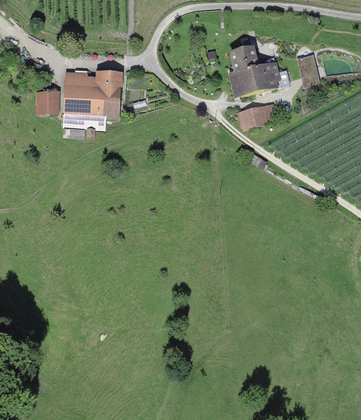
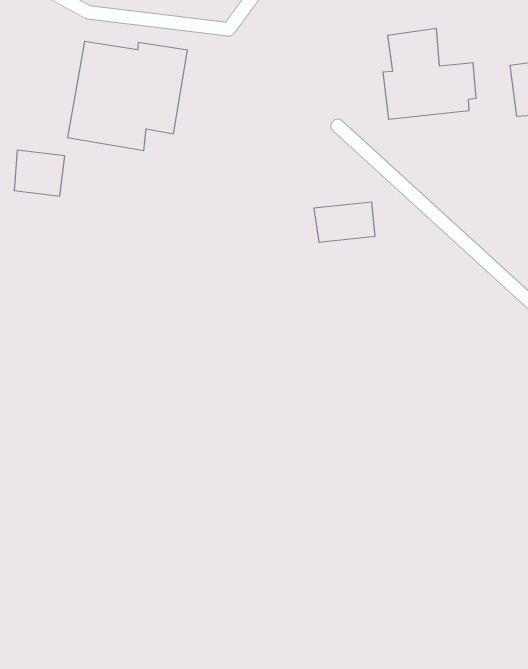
building: [35,91,61,113] -> [14,150,65,196]
building: [237,104,272,129] -> [314,202,375,242]

